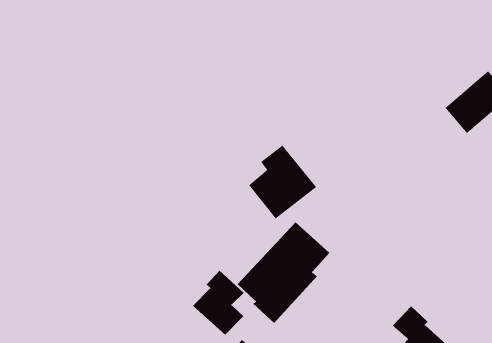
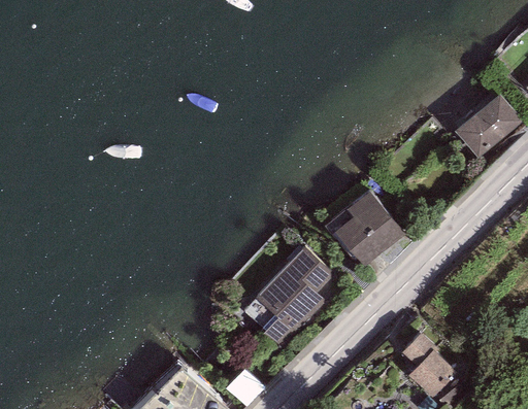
building: [248,144,317,220] -> [333,190,403,266]
building: [192,270,245,336] -> none

